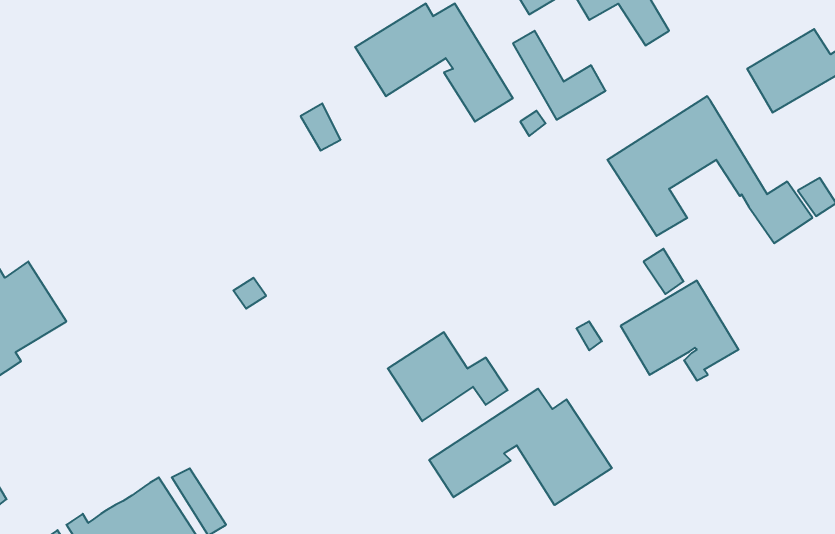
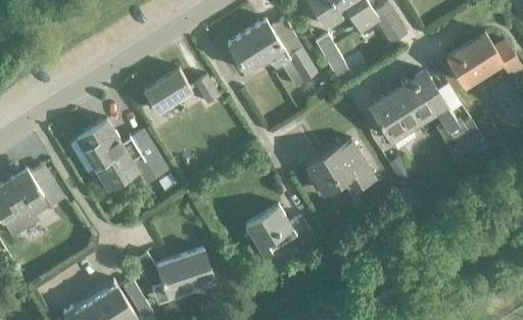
building: none -> [143,67,190,110]
building: none -> [68,118,167,188]
building: [621,281,739,380] -> [306,139,373,195]
building: [429,389,612,505] -> none
building: none -> [135,248,212,294]

